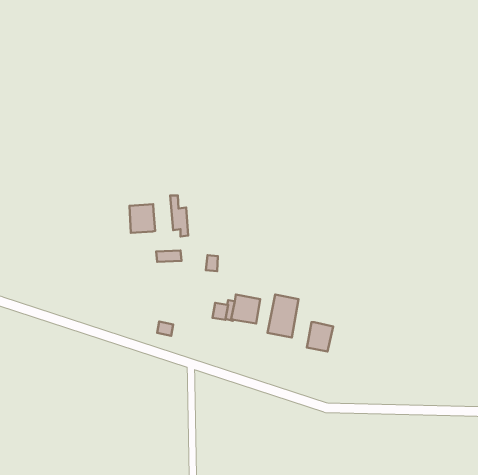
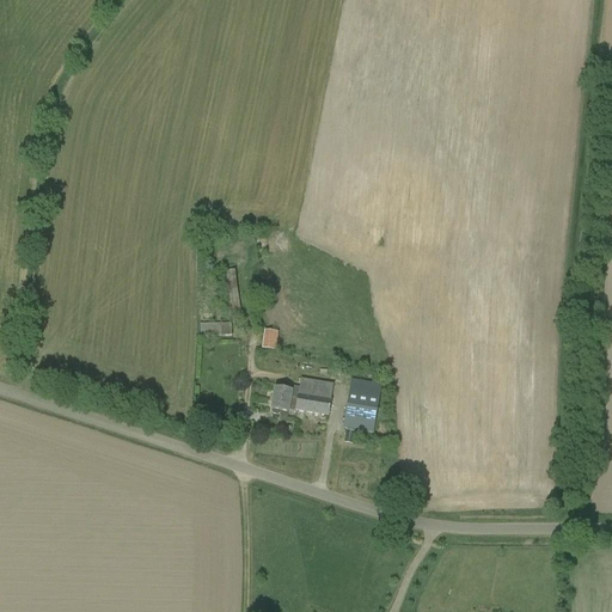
building: [130,204,155,233] -> none
building: [307,322,333,352] -> none

